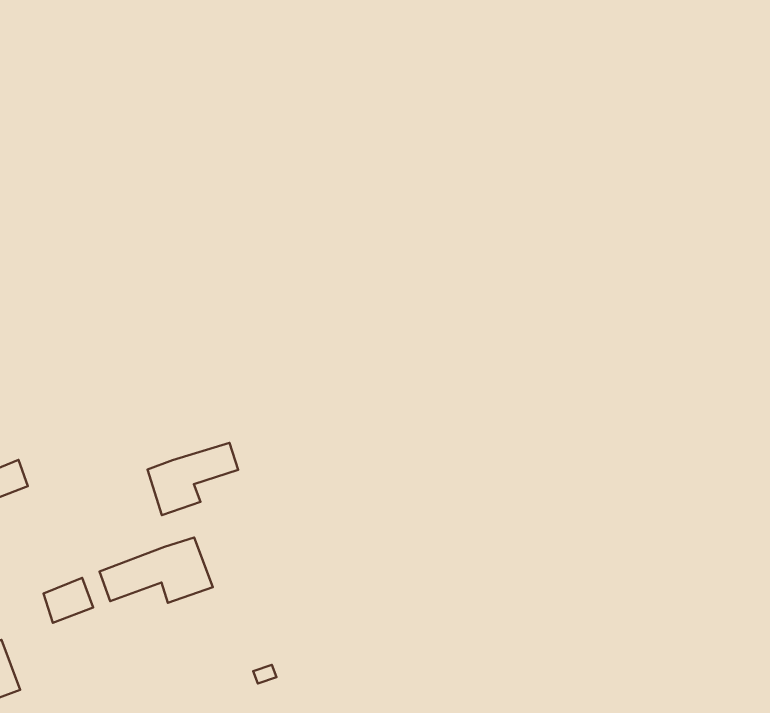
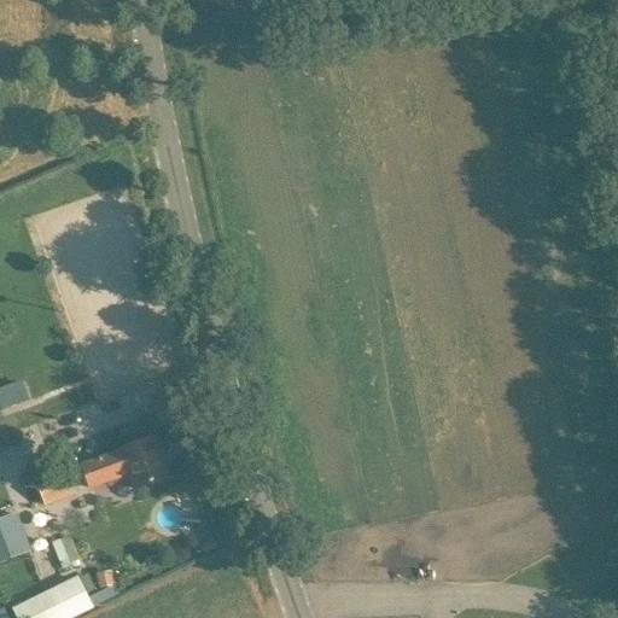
building: [148,443,238,515] -> none

